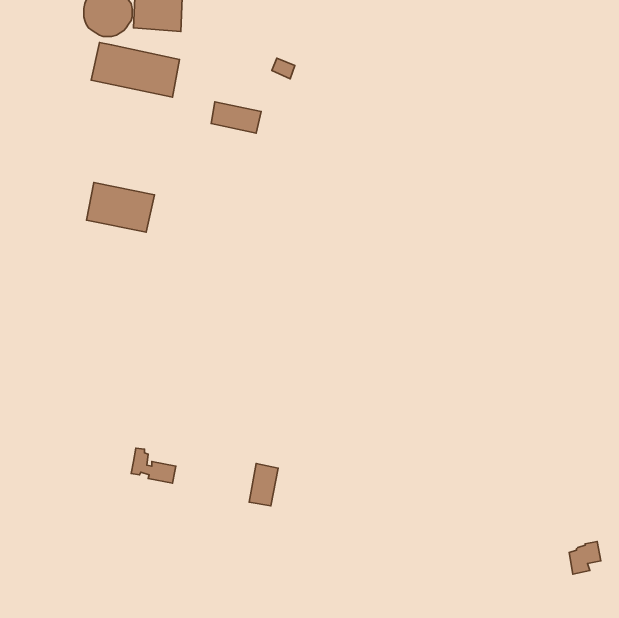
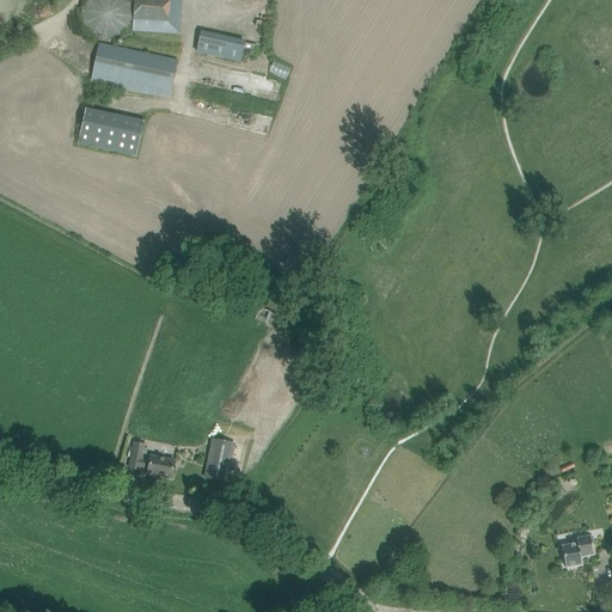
building: [211,102,261,133] -> [196,29,245,60]
building: [87,183,155,232] -> [76,106,143,155]
building: [249,463,278,506] -> [204,437,233,479]

